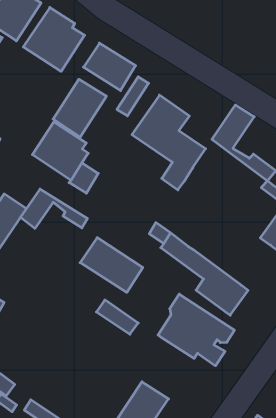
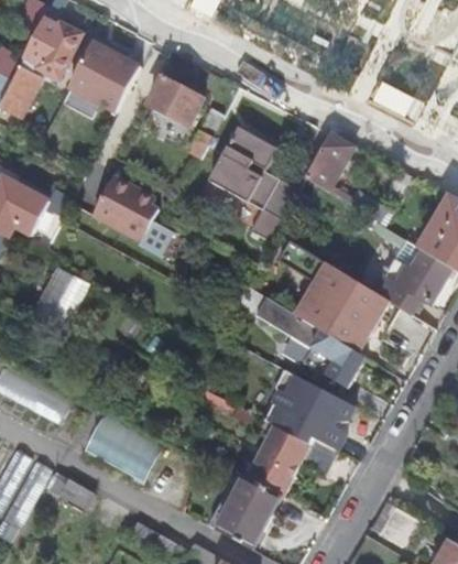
building: [53,79,106,137] -> none
building: none -> [279,239,389,350]
building: [20,189,87,228] -> none
building: [80,238,143,292] -> [88,414,164,477]
building: none -> [239,422,338,496]

